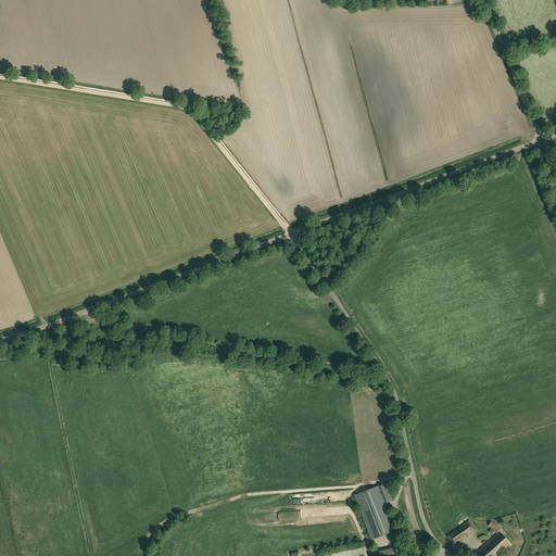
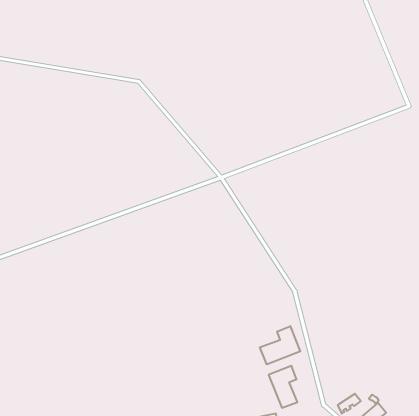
building: none -> [260,326,300,364]

